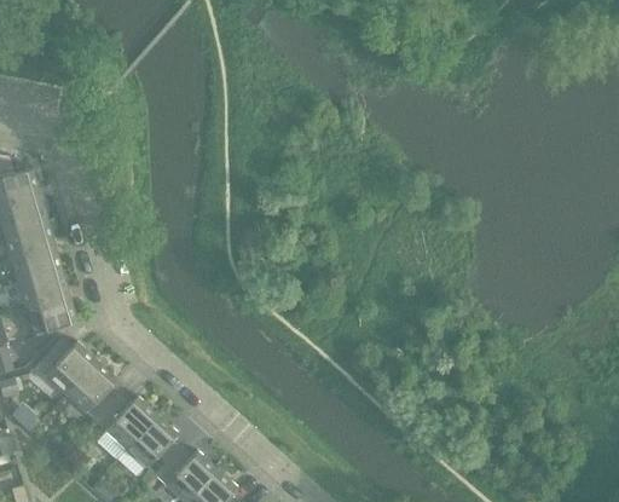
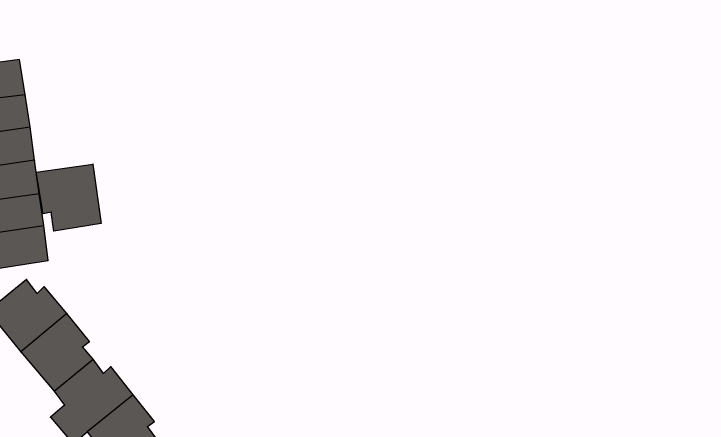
building: none -> [36,164,101,231]

